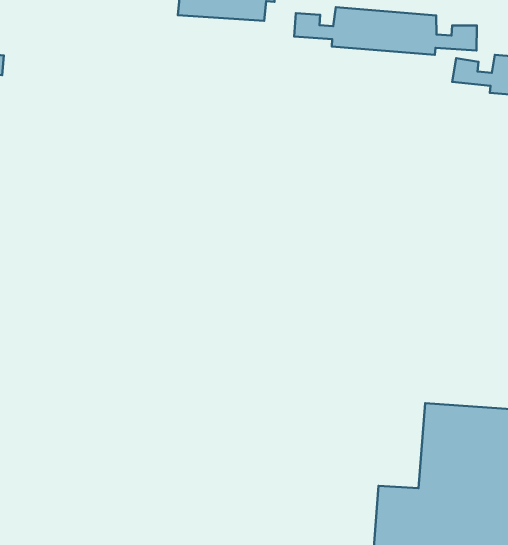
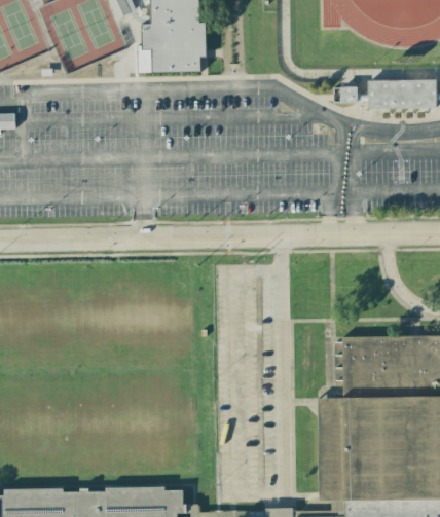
building: [294,7,477,55] -> none

